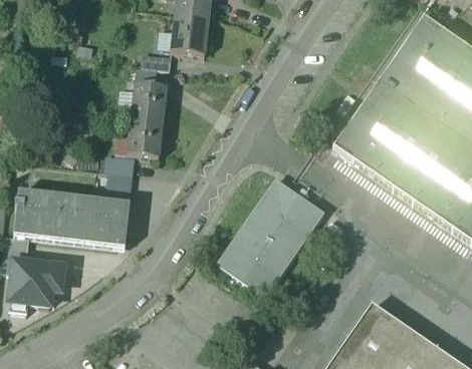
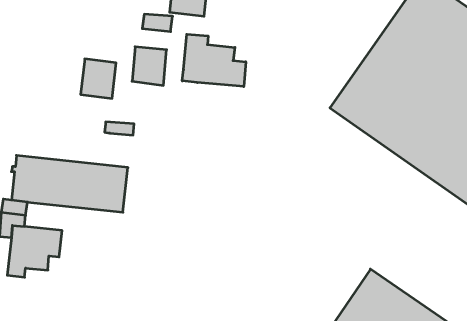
building: none -> [182,34,246,87]
building: [131,118,166,157] -> [81,59,116,98]
building: [110,169,136,195] -> none
building: [218,176,323,295] -> none

